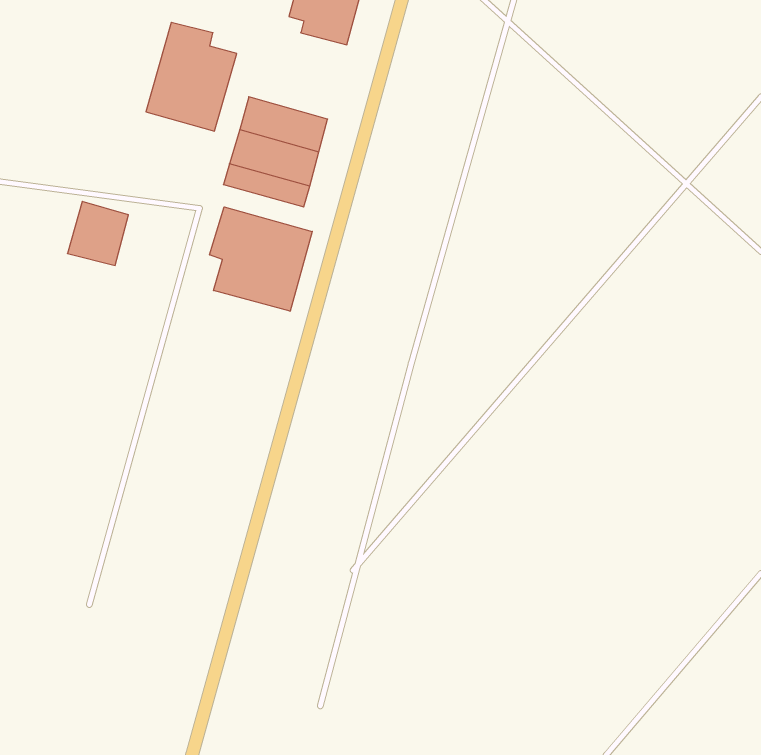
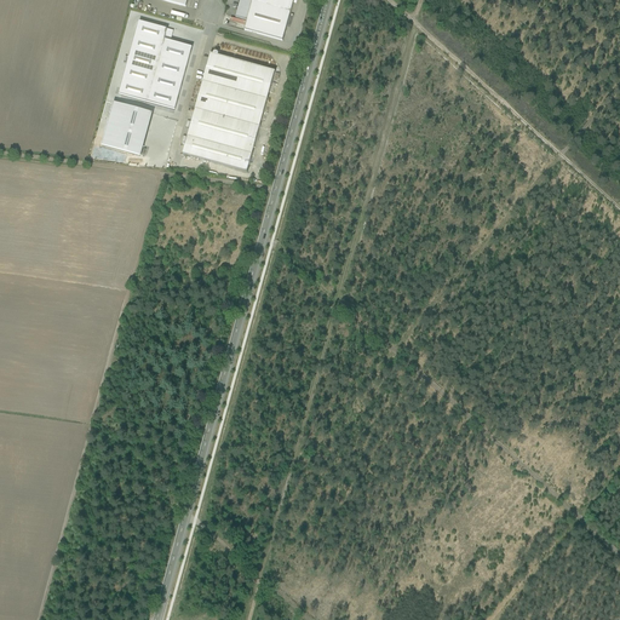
building: none -> [202,48,275,97]
building: [67,201,128,265] -> [102,99,151,151]
building: [210,207,312,311] -> none

